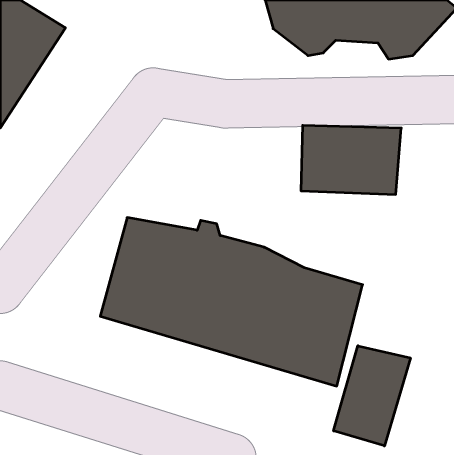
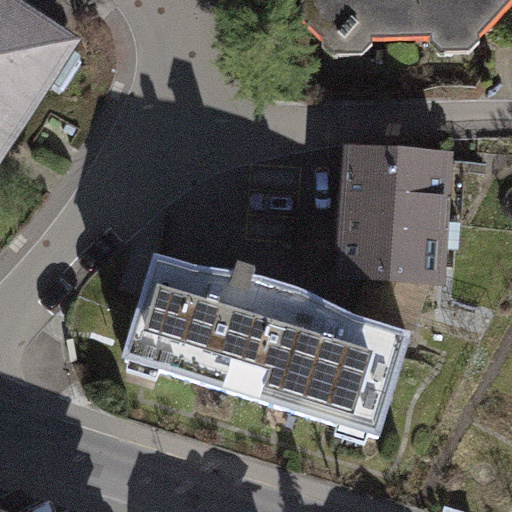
building: none -> [336,216,446,282]
building: [334,346,410,446] -> none

